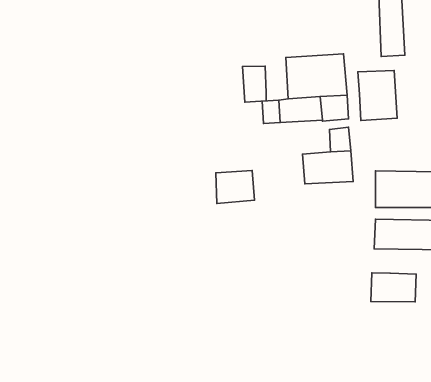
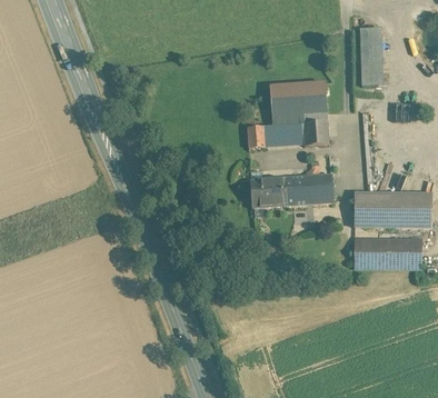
building: [243,66,266,102] -> none
building: [358,71,397,120] -> none
building: [216,171,255,204] -> [251,176,288,207]
building: [371,273,416,302] -> none

